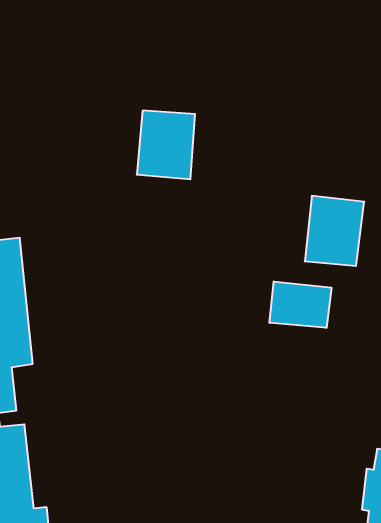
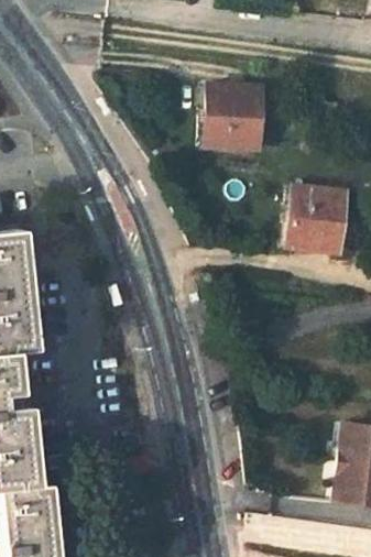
building: [137,111,195,179] -> [208,87,263,152]
building: [269,281,331,328] -> none

